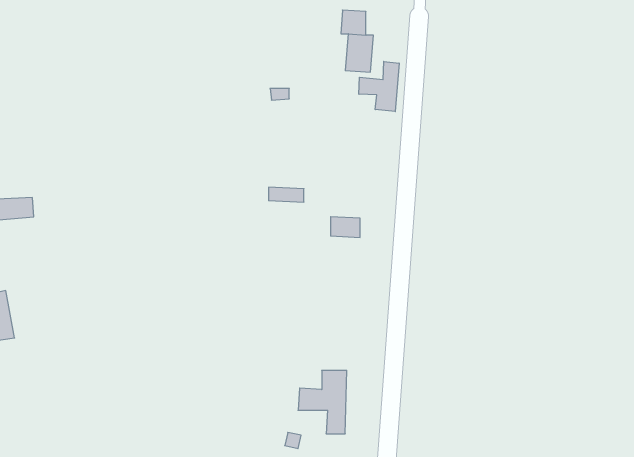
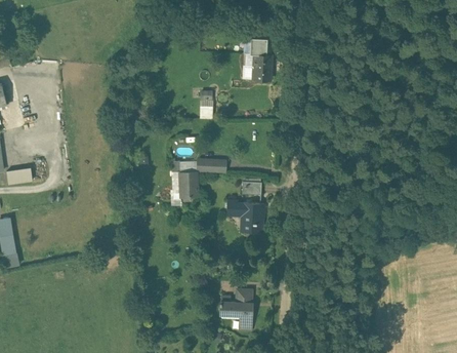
building: [359,61,399,112] -> none
building: none -> [179,173,198,202]
building: none -> [226,202,266,235]

